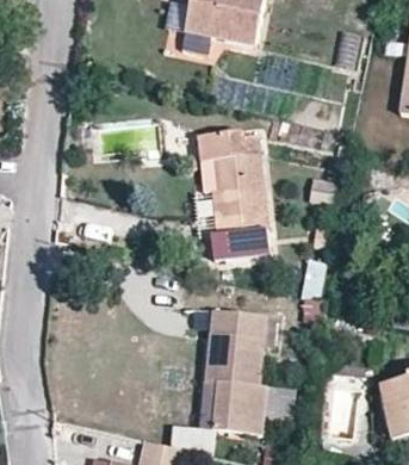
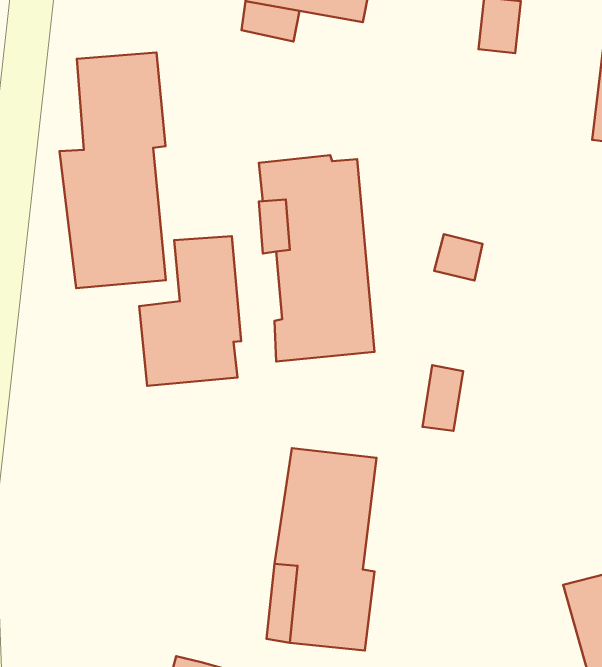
building: none -> [59,53,166,288]
building: none -> [139,236,241,386]

